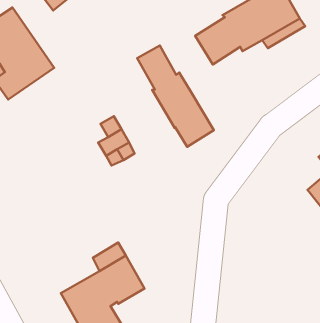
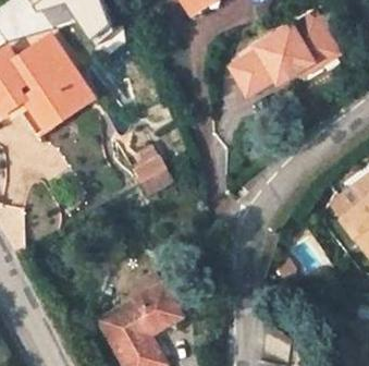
building: [137,46,214,147] -> none

